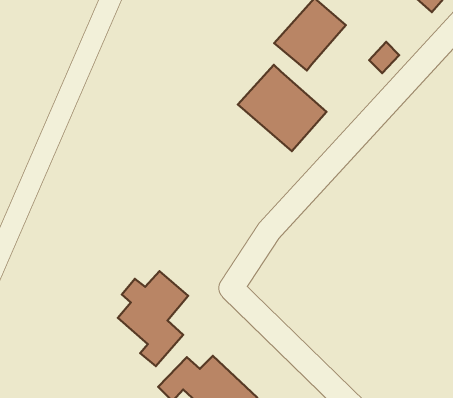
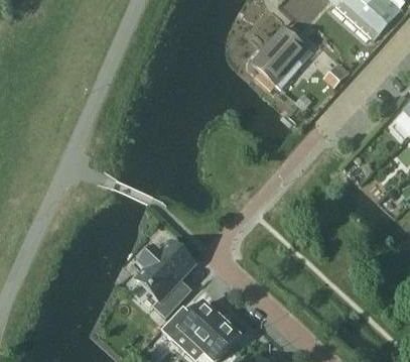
building: [238,65,326,151] -> none

